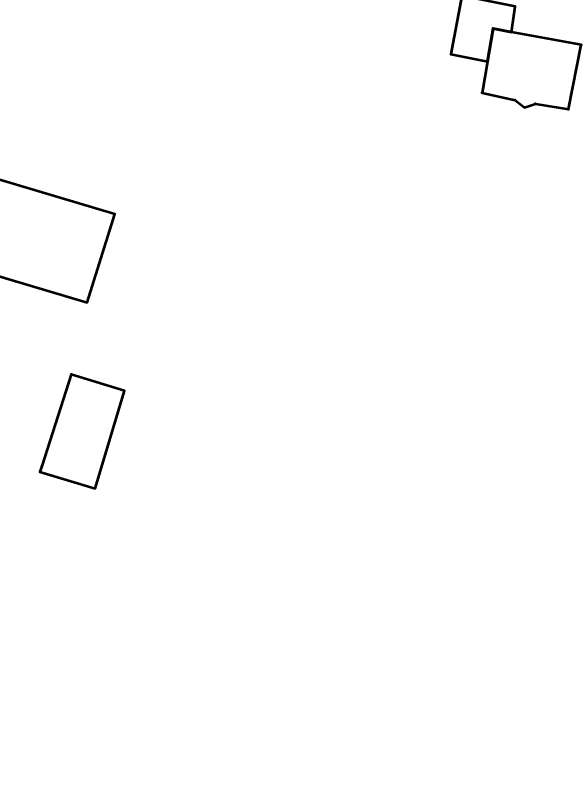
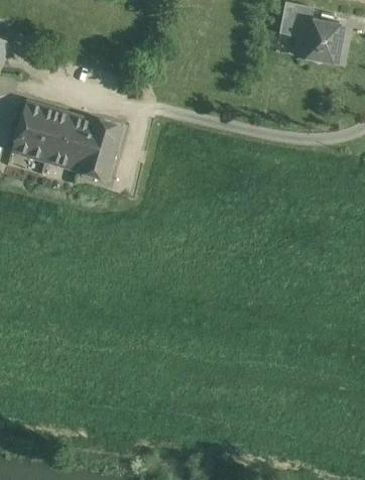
building: [40,374,124,488] -> [76,118,122,181]

